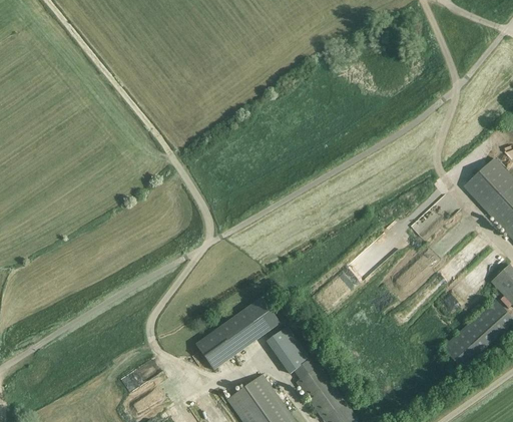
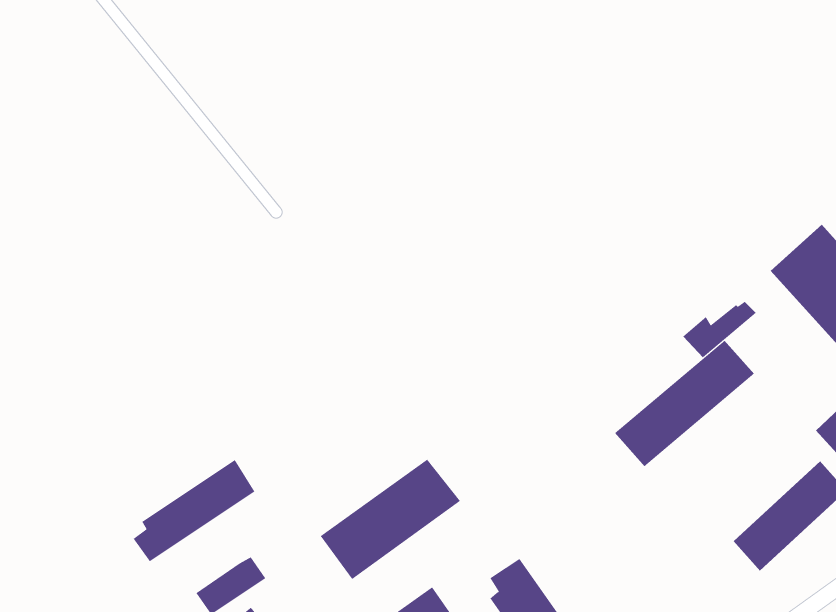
building: none -> [614,340,755,467]
building: none -> [133,459,255,562]
building: [267,326,311,373] -> none

